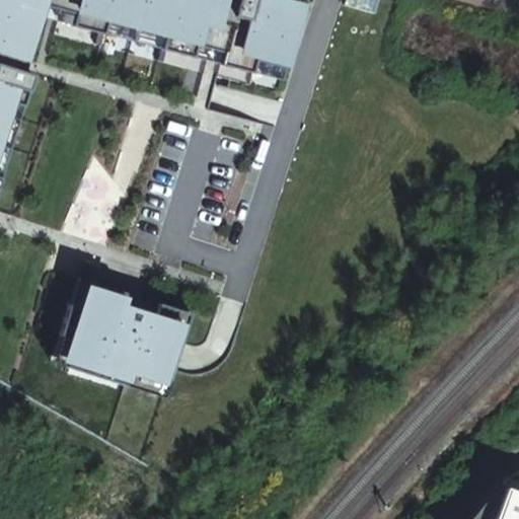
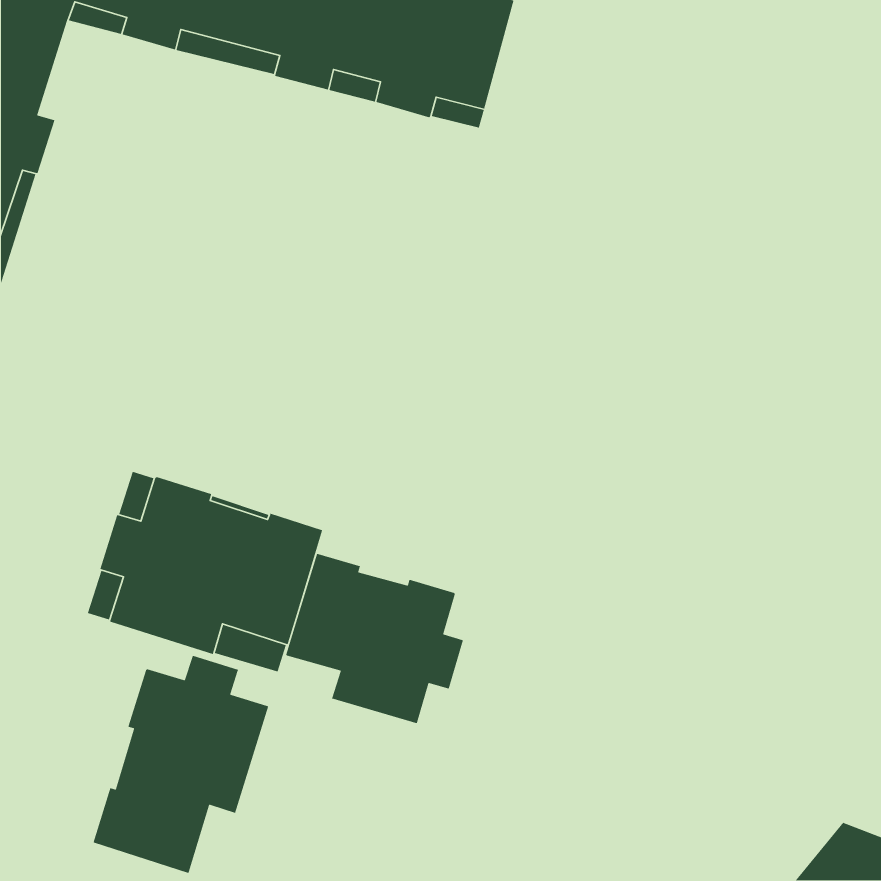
building: none -> [285,553,464,724]
building: none -> [93,655,269,874]

